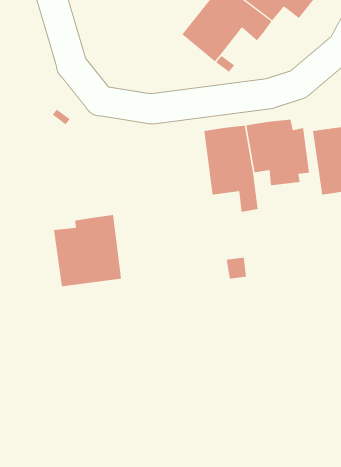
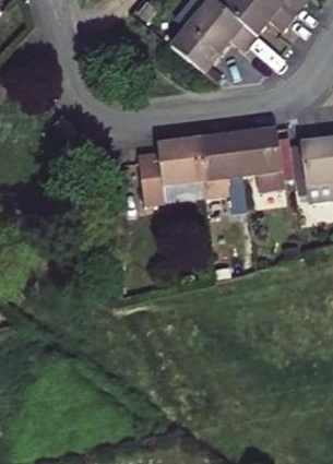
building: [53,215,122,287] -> [138,138,202,205]

